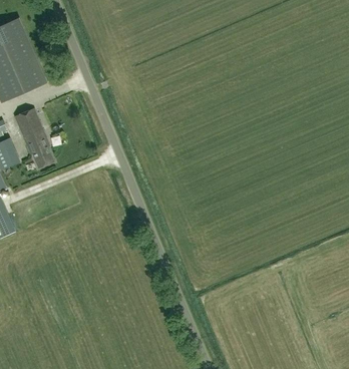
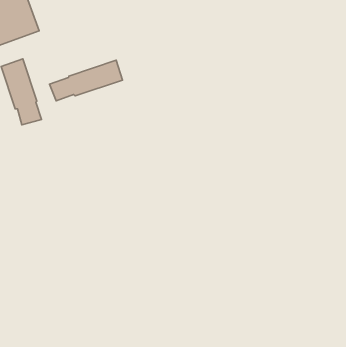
building: none -> [49,60,122,101]

